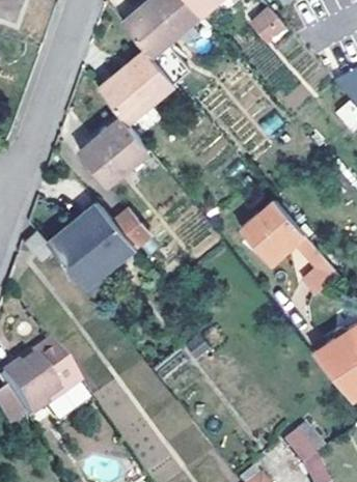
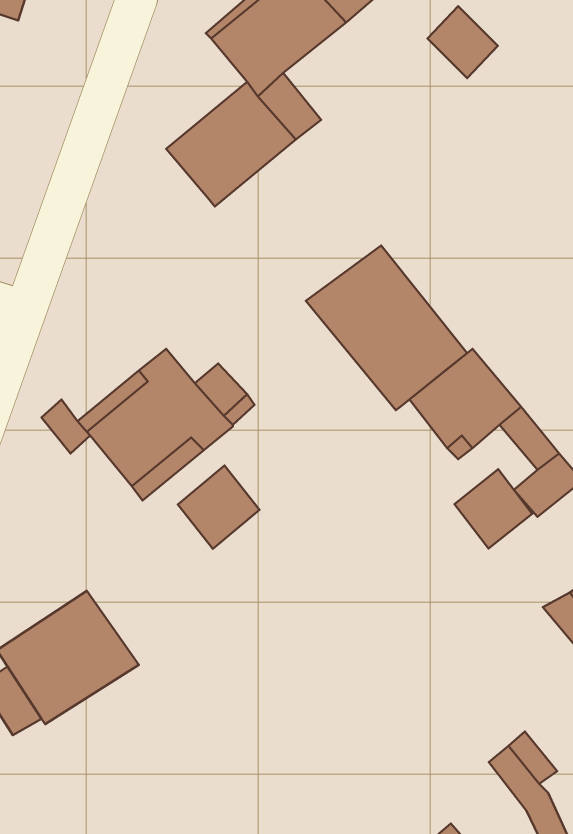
building: [79,114,149,181] -> none
building: none -> [306,245,467,410]
building: none -> [178,465,260,549]
building: none -> [455,469,532,549]

